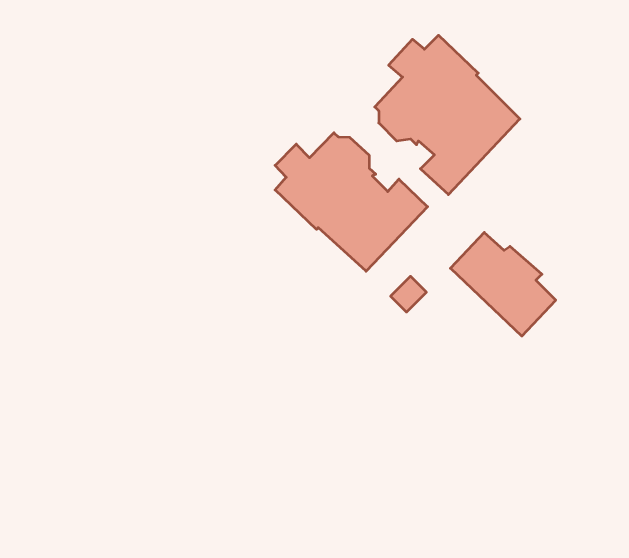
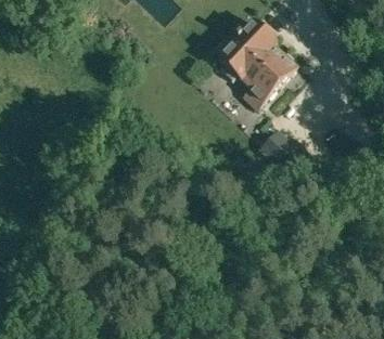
building: [275,133,428,271] -> none

